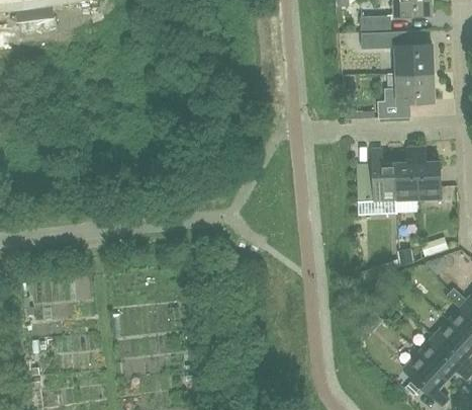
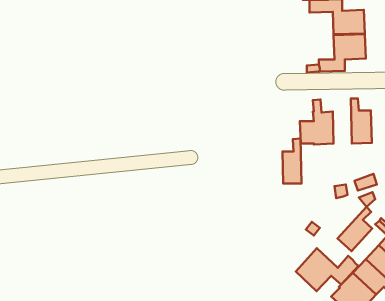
building: [394,148,416,200] -> [282,138,301,184]
building: none -> [338,207,372,251]
building: none -> [296,248,358,291]

